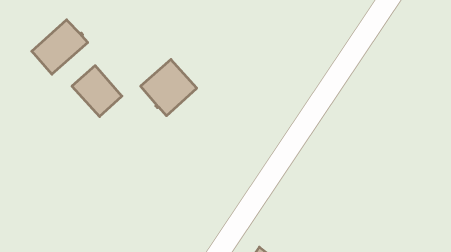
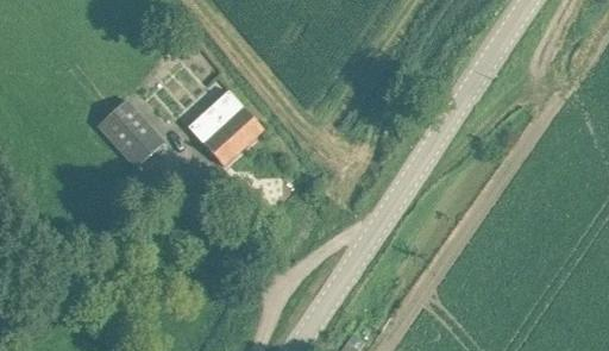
building: [32,20,88,74] -> none

